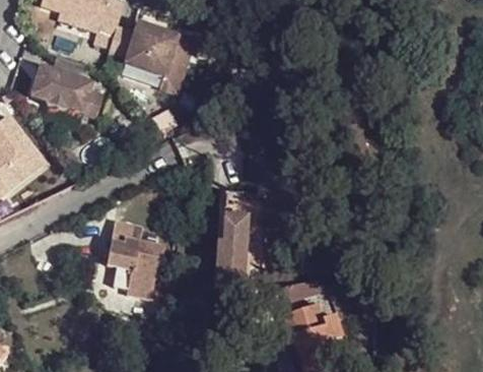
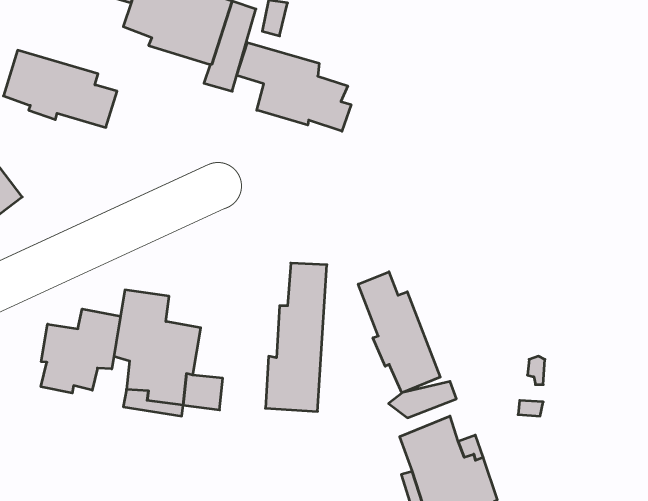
building: none -> [237,43,351,131]
building: none -> [358,272,440,393]
building: none -> [41,309,121,393]

